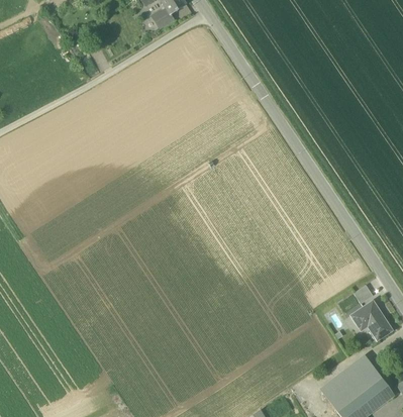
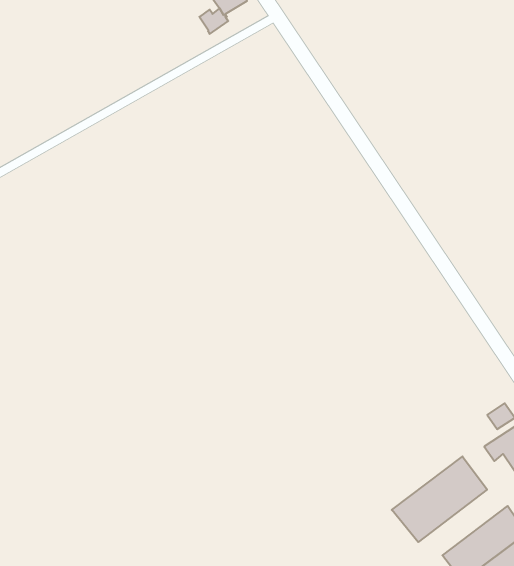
building: none -> [392,456,487,542]

